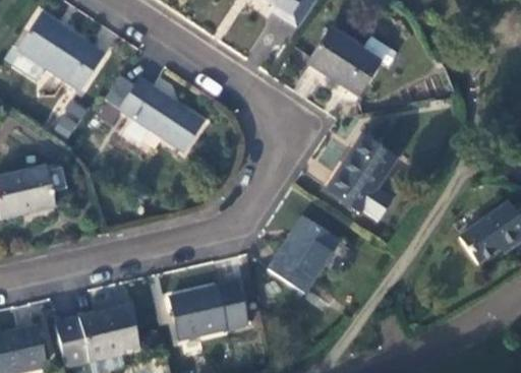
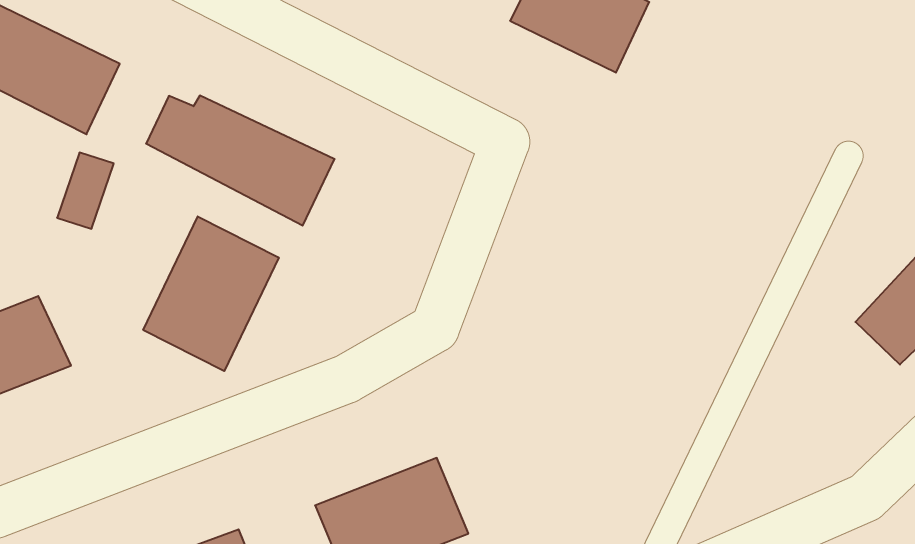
building: [329,136,397,210] -> none
building: none -> [143,216,279,371]
building: [267,216,339,293] -> none

